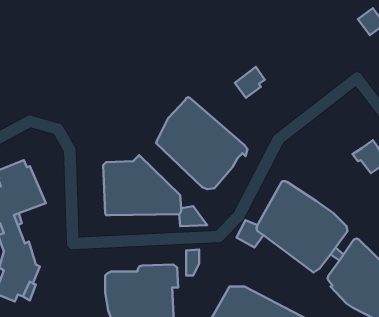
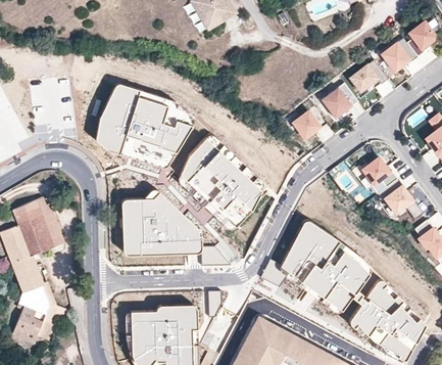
building: none -> [350,59,387,91]
building: none -> [322,83,358,118]
building: none -> [97,84,194,167]
building: [235,67,265,98] -> [293,105,324,137]
building: none -> [362,156,397,186]

